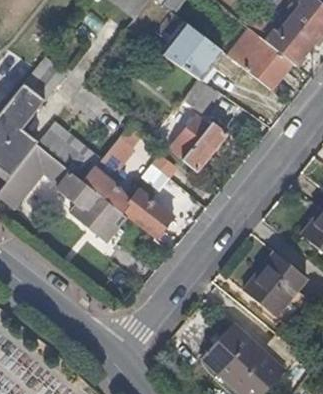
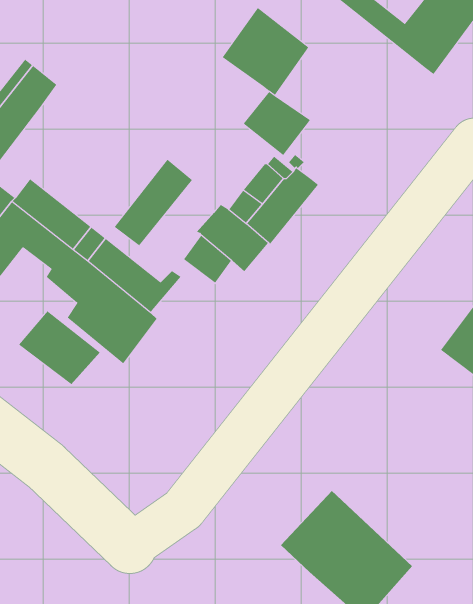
building: [227,27,292,89] -> none
building: [123,191,174,237] -> [18,311,100,385]
building: [245,251,315,332] -> none

